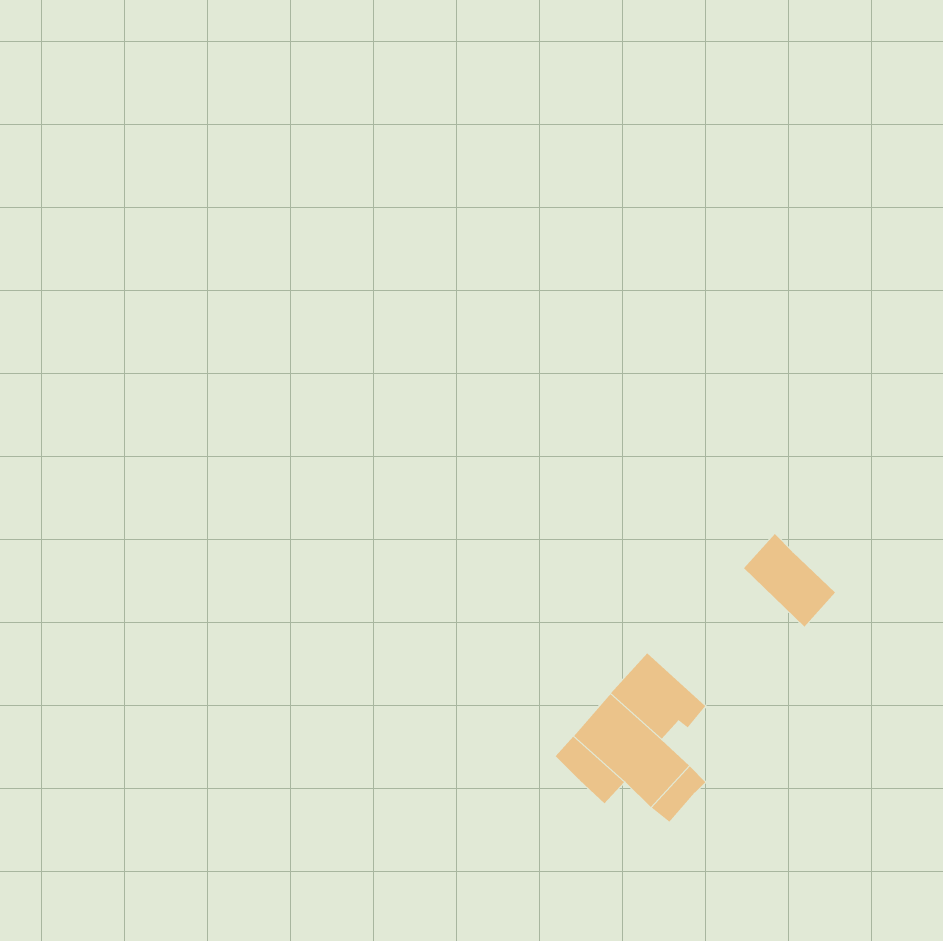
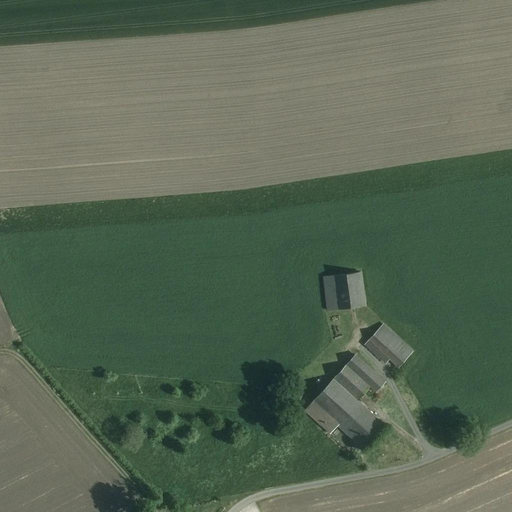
building: none -> [331,270,371,311]
building: [743,533,836,627] -> [362,321,412,372]

